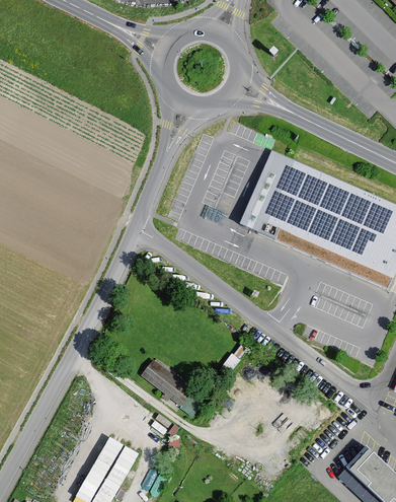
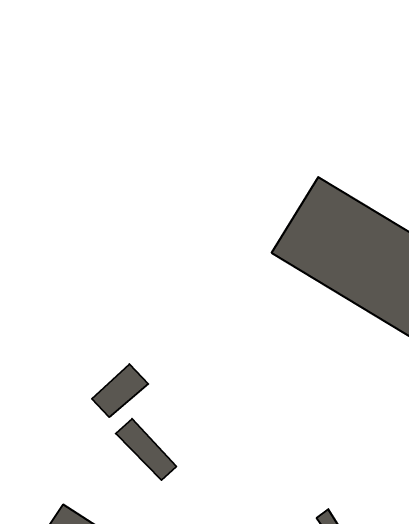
building: none -> [92,364,148,417]

